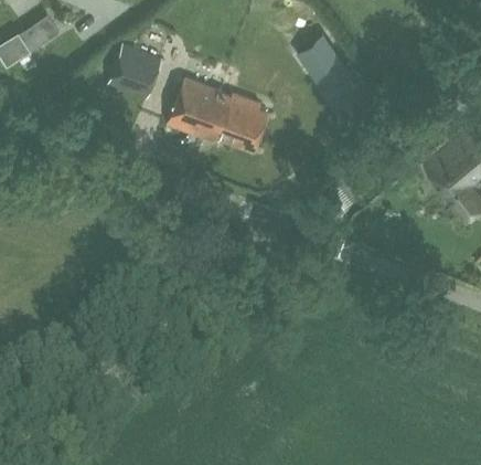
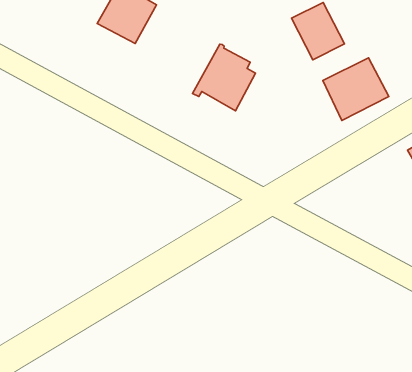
building: [165,70,236,140] -> none
building: none -> [323,58,389,120]

